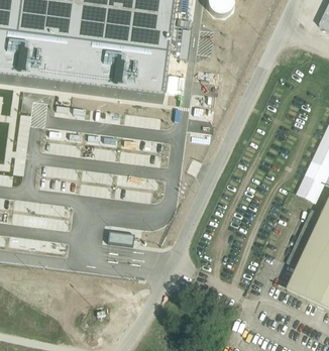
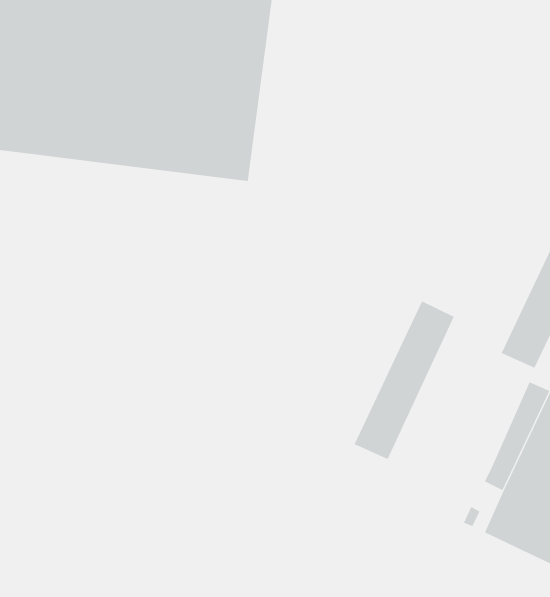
building: none -> [354,300,454,460]

